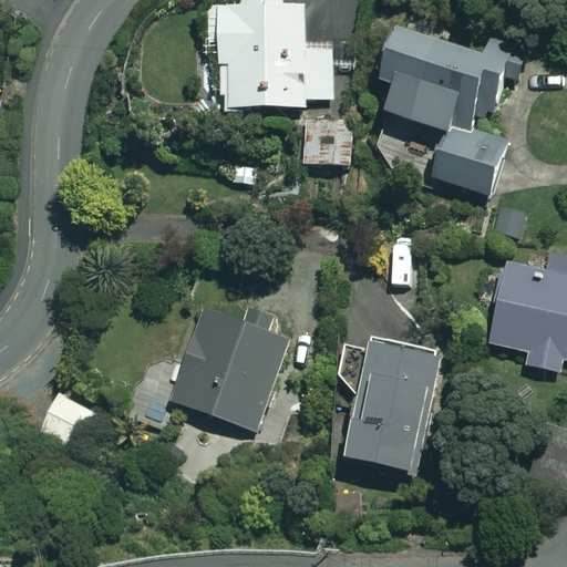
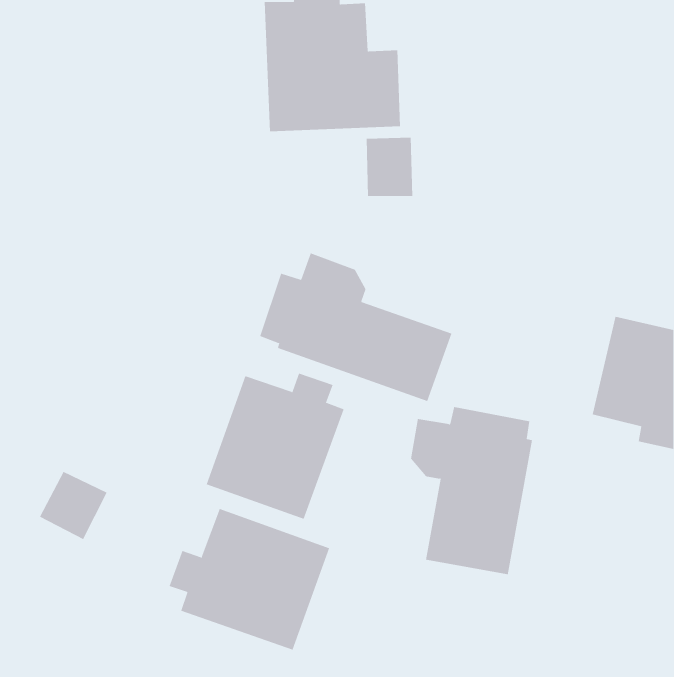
building: [391,30,514,196] -> none
building: none -> [259,253,452,402]
building: none -> [169,508,330,650]

